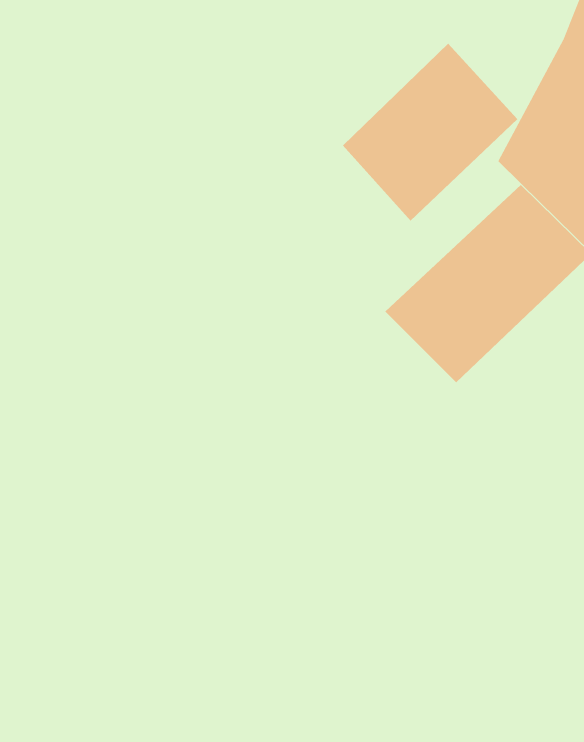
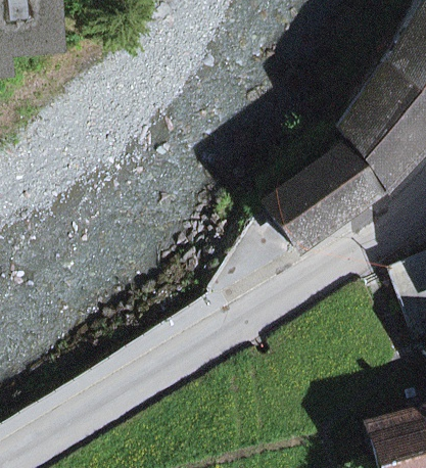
building: [342,43,518,221] -> none

